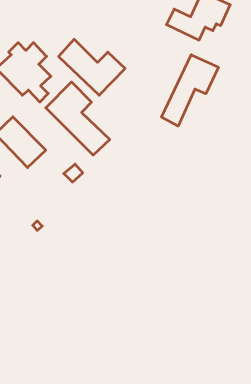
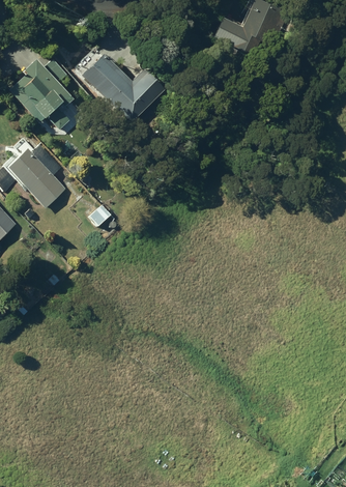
building: [162,55,218,126] -> none
building: [46,82,110,155] -> none

